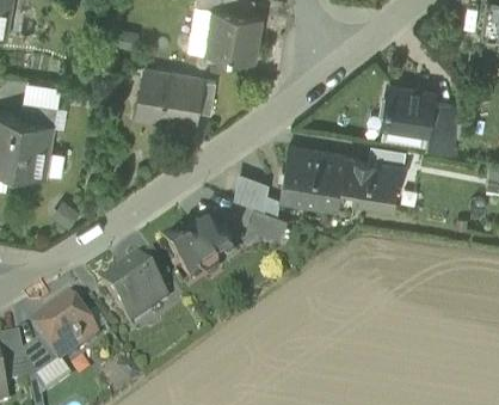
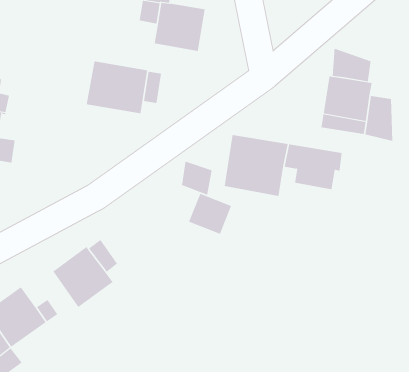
building: none -> [332,48,371,82]
building: [162,213,236,282] -> none

